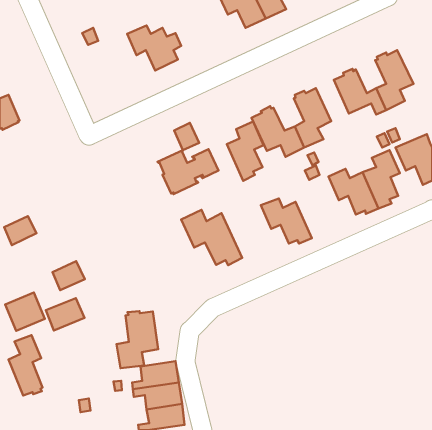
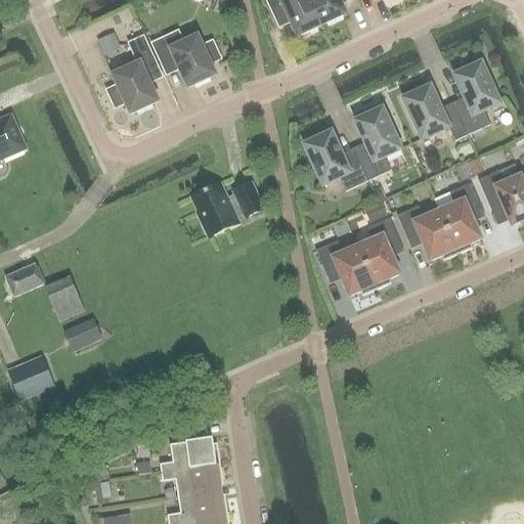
building: none -> [107,36,158,112]
building: [227,121,263,181] -> [357,216,401,288]
building: [174,123,199,150] -> none
building: [181,210,242,265] -> none
building: none -> [44,274,85,319]
building: [46,298,84,331] -> none
building: [117,311,158,368] -> none
building: [8,335,43,396] -> none

